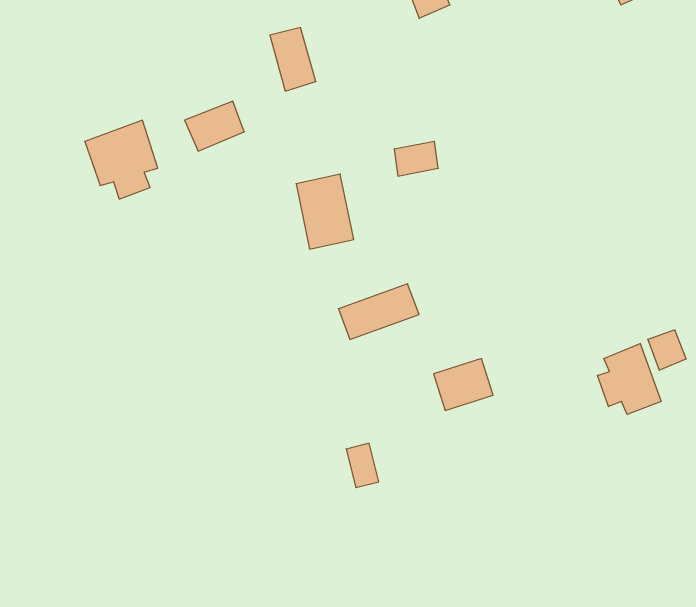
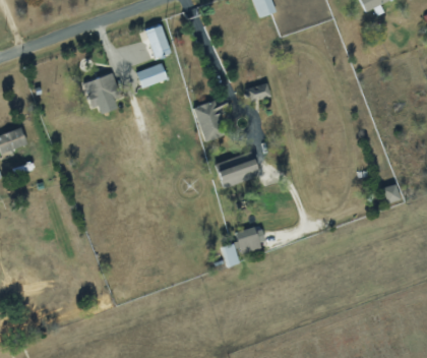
building: [270,28,316,91] -> [145,24,170,58]
building: [597,343,661,414] -> none
building: [434,359,493,410] -> [234,225,265,252]

